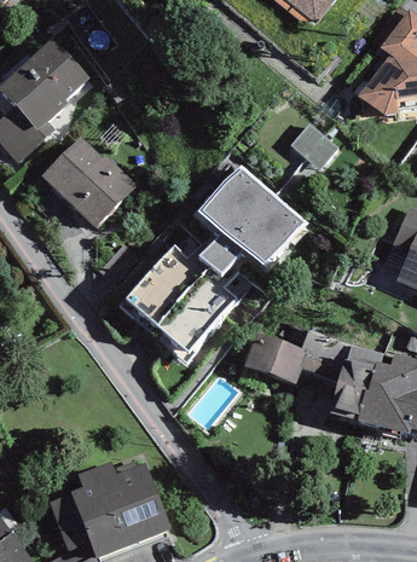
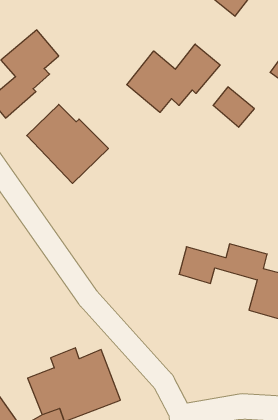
building: none -> [127,44,220,112]
building: [129,152,322,354] -> none

